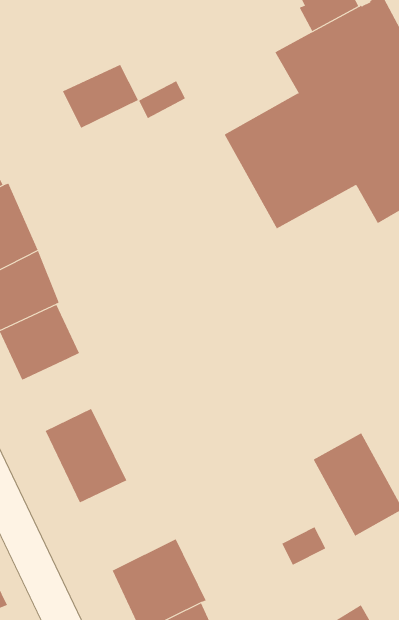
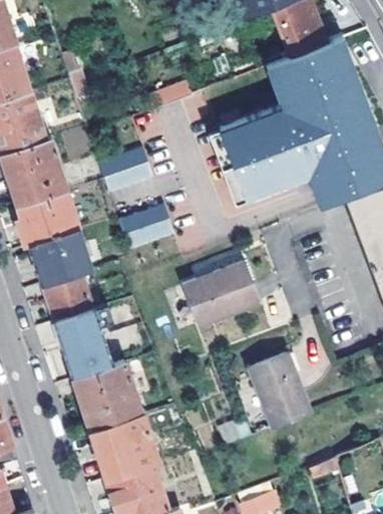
building: [62,64,139,129] -> [98,151,153,194]
building: none -> [118,207,175,254]
building: none -> [169,266,249,329]
building: none -> [44,273,92,323]
building: none -> [74,363,141,432]

